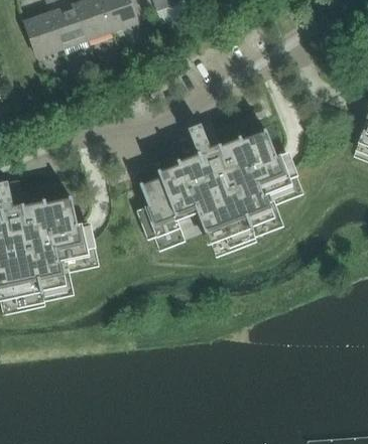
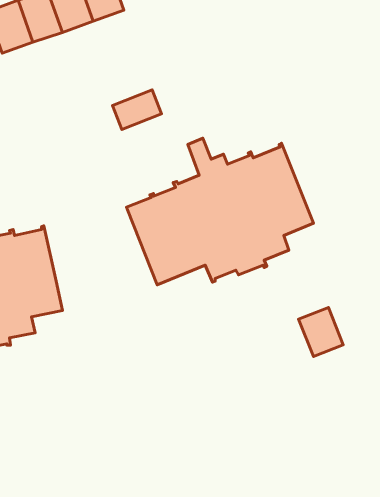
building: none -> [112,90,161,130]
building: none -> [299,308,343,357]

